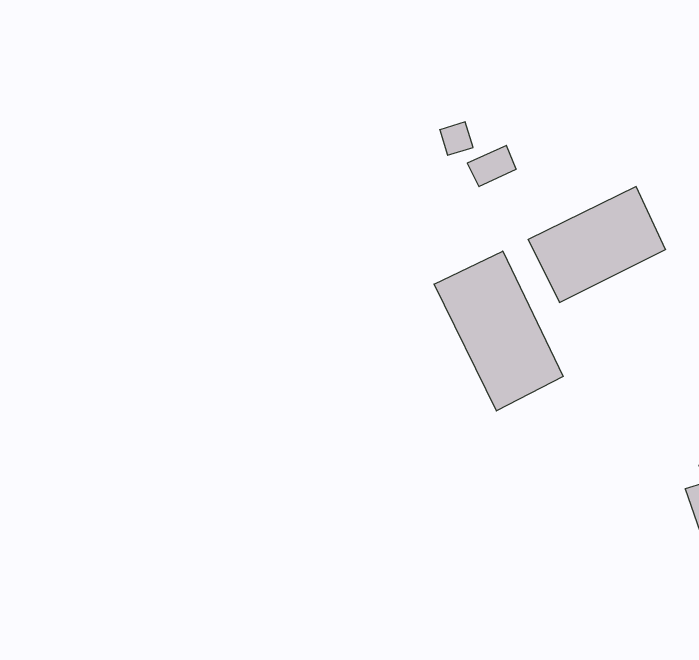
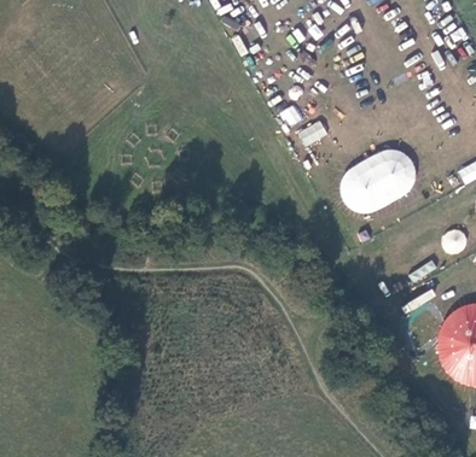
building: [434,251,563,411] -> none

